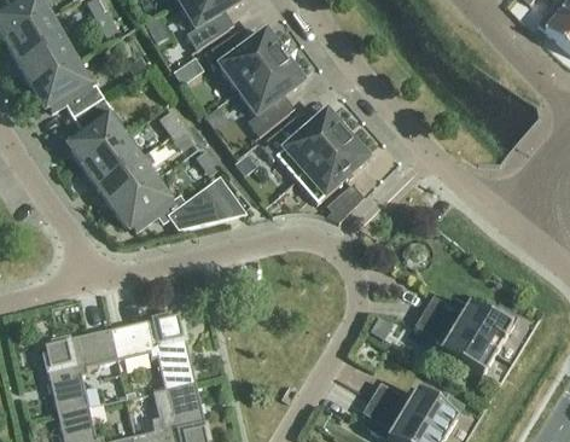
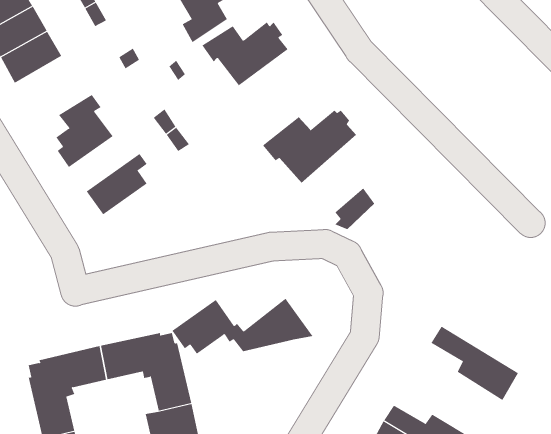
building: [238,56,303,135] -> none
building: [33,62,104,116] -> none
building: [296,134,368,202] -> none
building: [82,135,139,186] -> none
building: [114,178,244,229] -> [171,298,314,354]
building: [424,295,518,353] -> none

